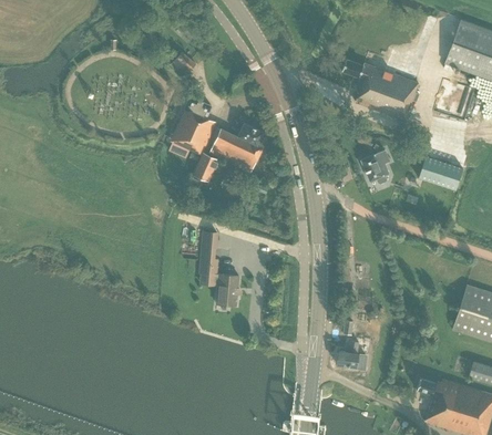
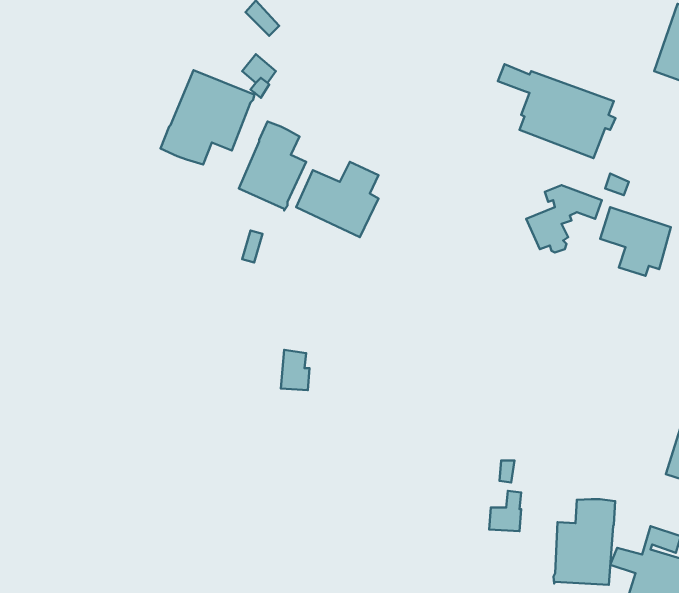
building: none -> [160,70,255,165]
building: [192,152,218,182] -> none
building: [216,275,238,305] -> none
building: none -> [553,499,615,585]

